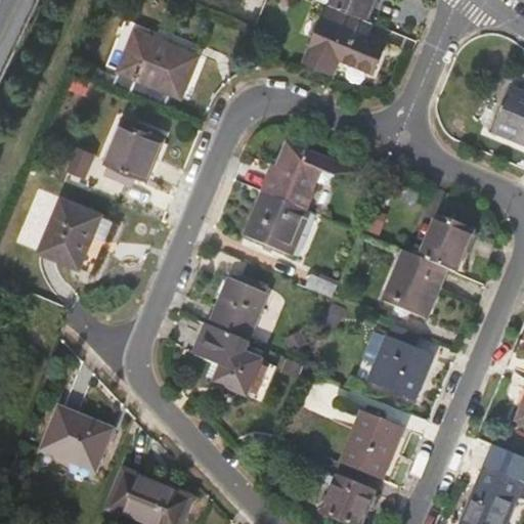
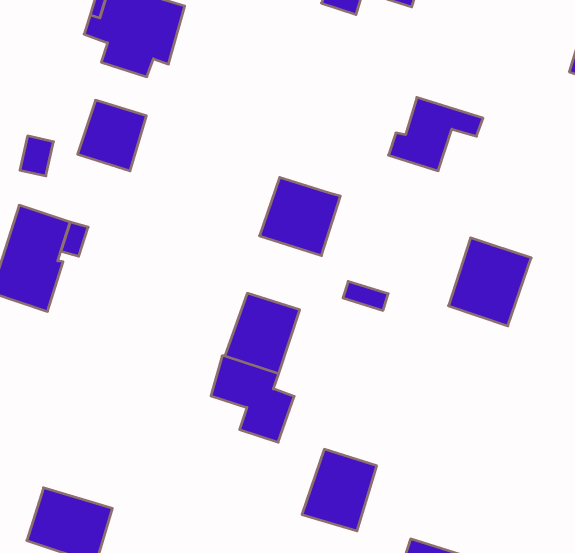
building: [262,148,337,206] -> [388,97,483,171]
building: [420,218,472,272] -> none
building: [358,319,423,397] -> none
building: [338,411,398,476] -> [302,449,377,531]

